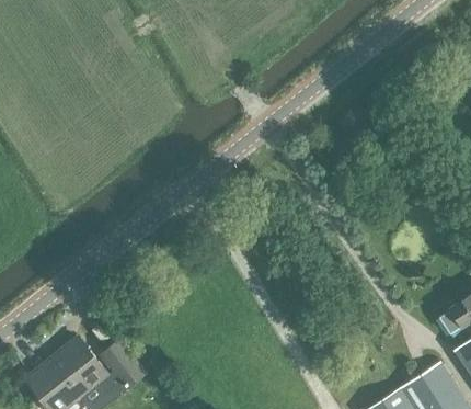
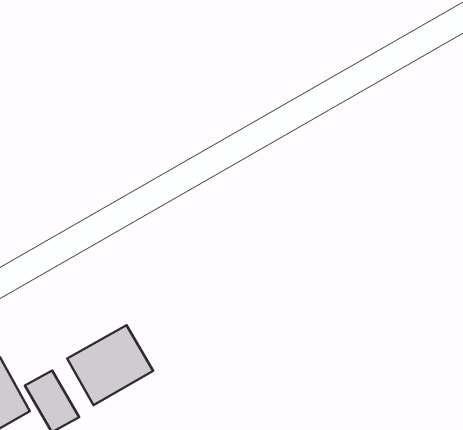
building: none -> [67,325,153,405]

